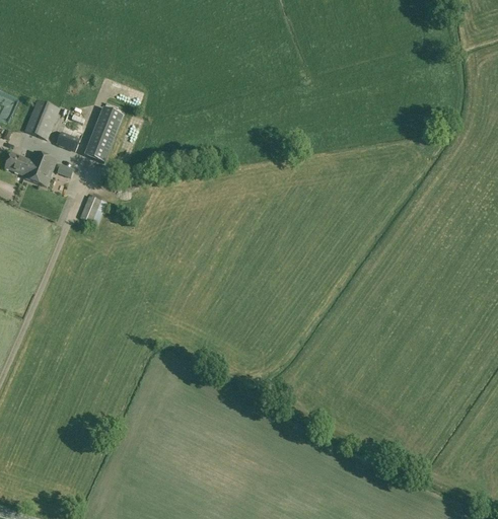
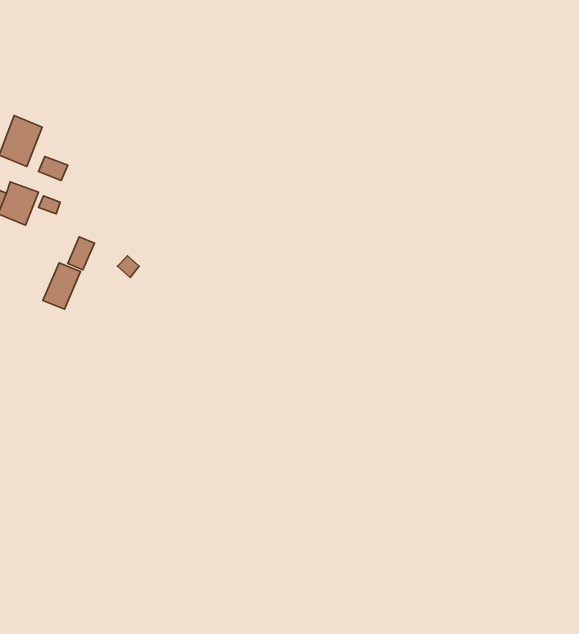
building: [84,106,124,161] -> none
building: none -> [43,263,81,309]

